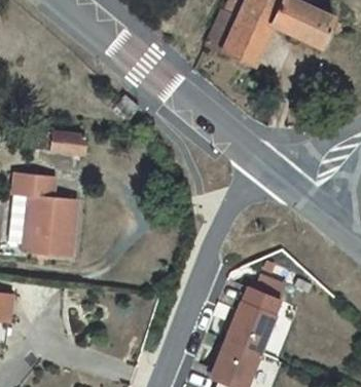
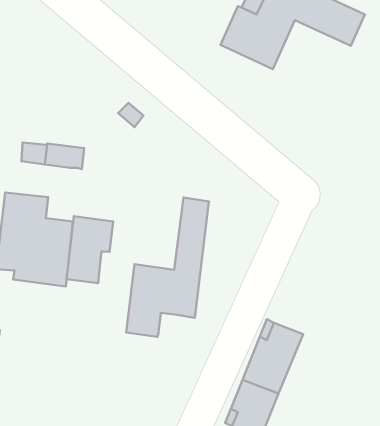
building: none -> [126,197,209,337]
building: none -> [66,216,113,283]

